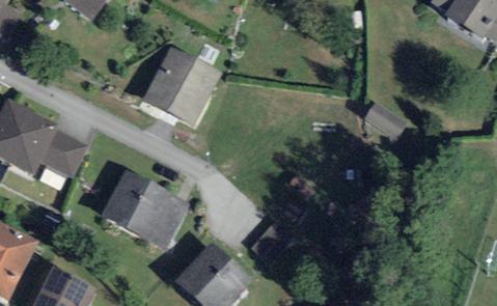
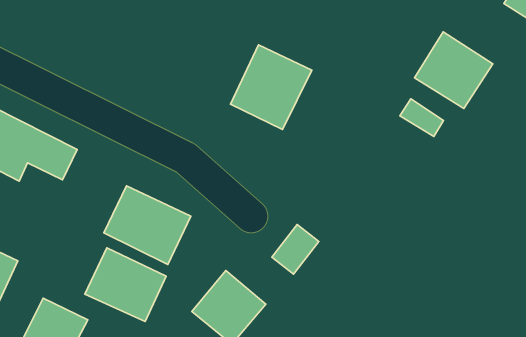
building: none -> [415,32,493,109]
building: [147,50,217,122] -> [231,45,312,129]
building: none -> [85,248,166,322]

